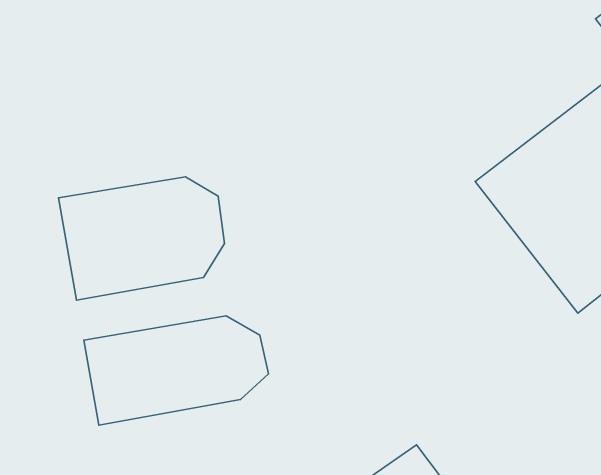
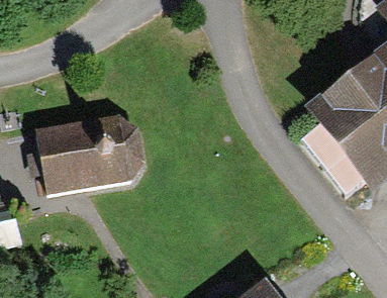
building: [84,316,269,425] -> none

